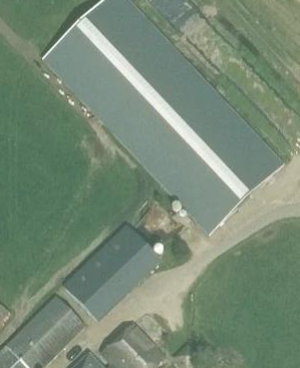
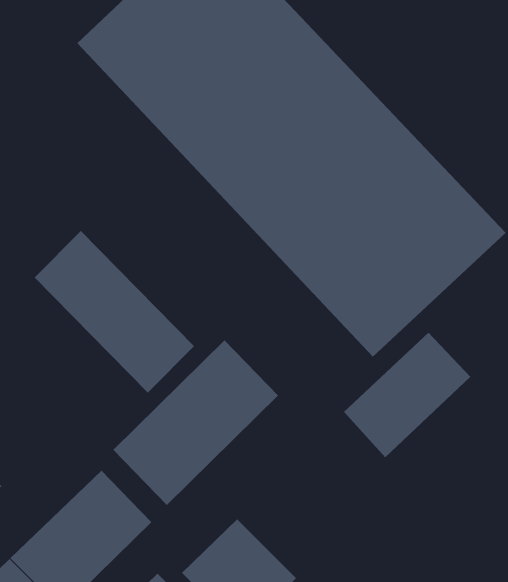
building: none -> [34,230,195,394]
building: none -> [343,332,471,458]

